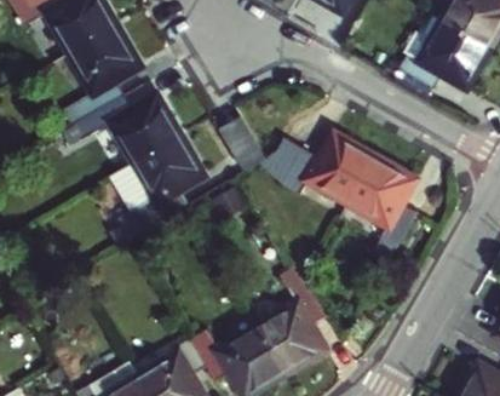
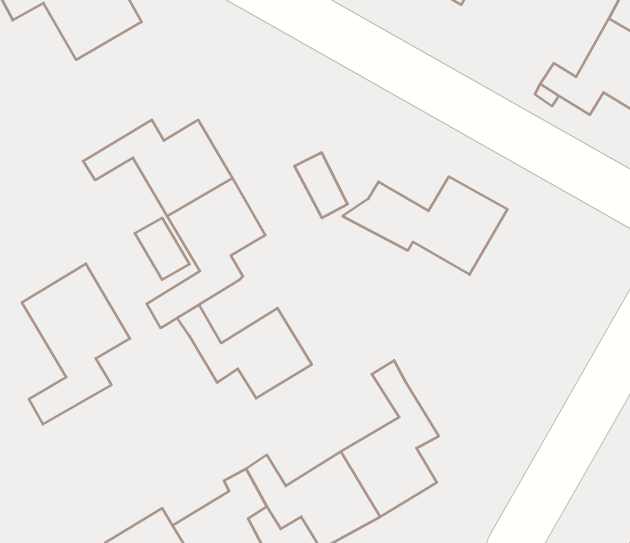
building: [65,24,139,122] -> none
building: [346,156,414,258] -> none
building: none -> [22,264,130,424]
building: none -> [177,305,312,398]

